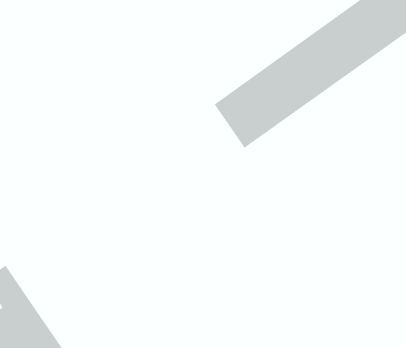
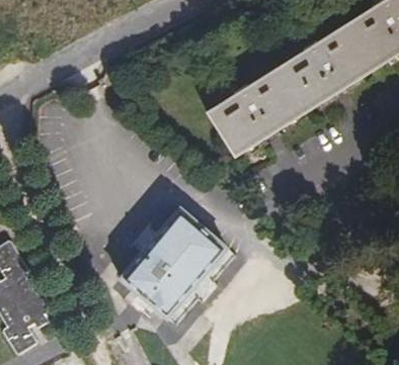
building: none -> [118,208,228,320]

